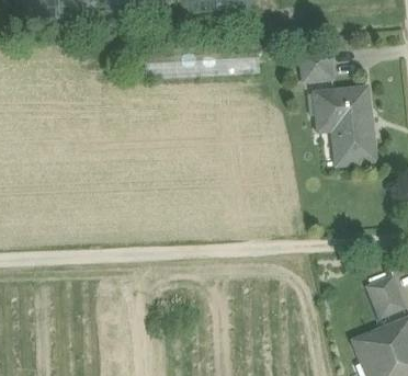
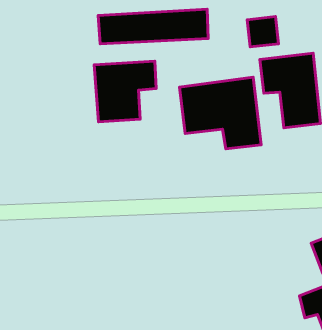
building: none -> [94,61,156,122]
building: none -> [180,77,261,149]

